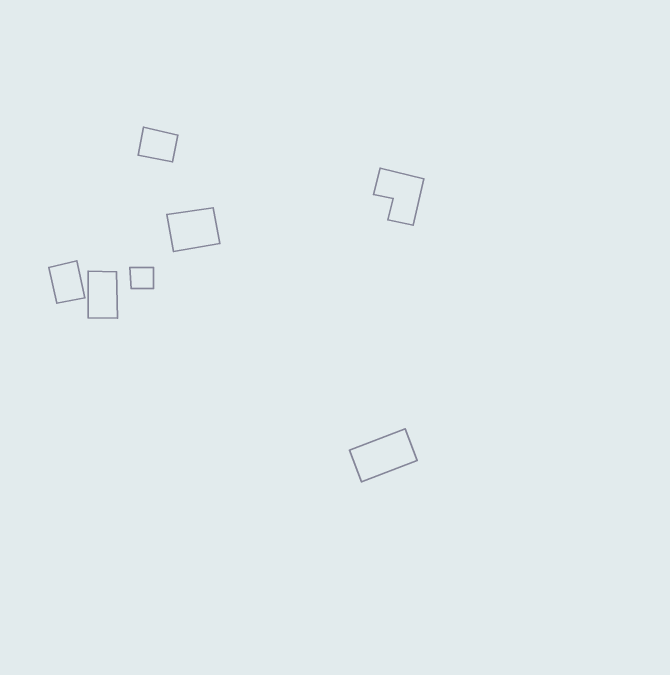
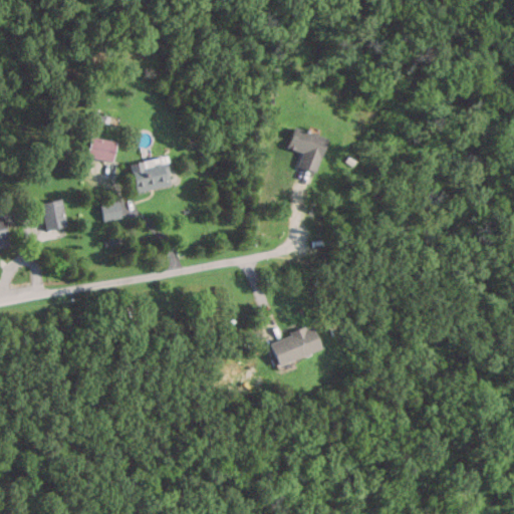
building: [138,127,178,162] -> [87,137,117,163]
building: [88,271,118,318] -> none

